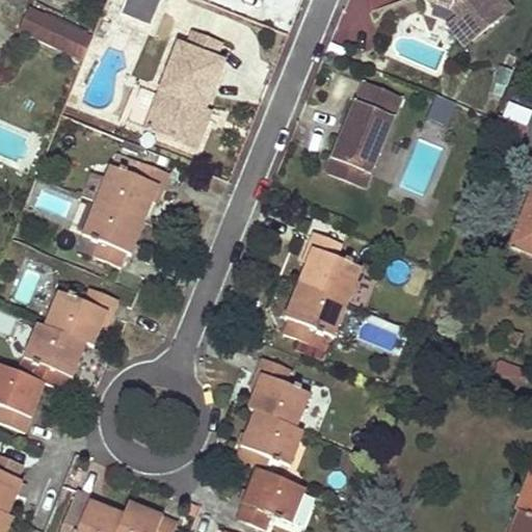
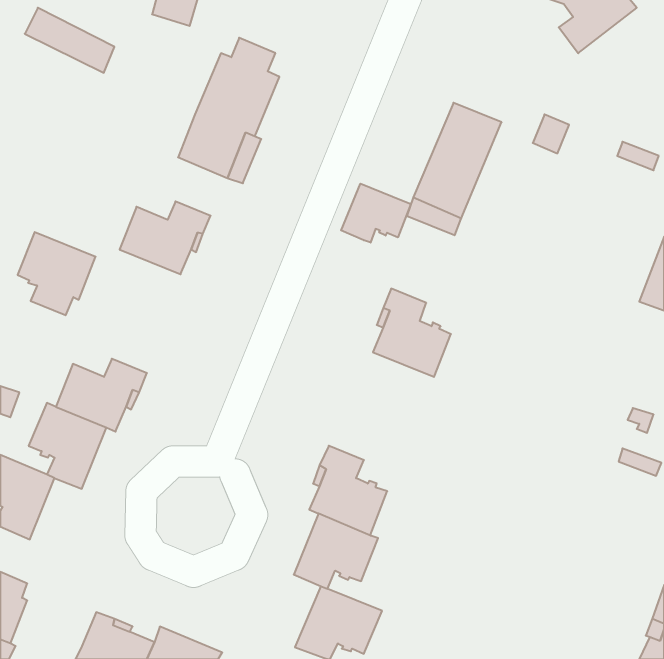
building: none -> [341,184,411,243]
building: [82,200,144,266] -> [18,232,96,315]
building: [283,282,347,344] -> none

